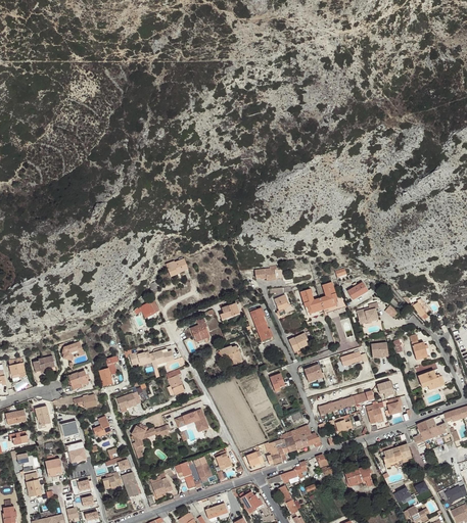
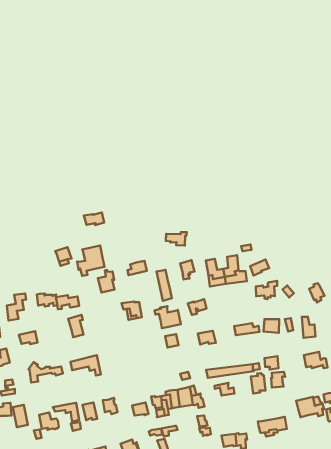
building: none -> [77,246,104,276]
building: none -> [155,306,181,328]

